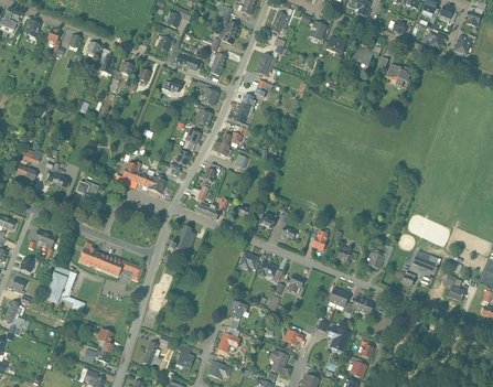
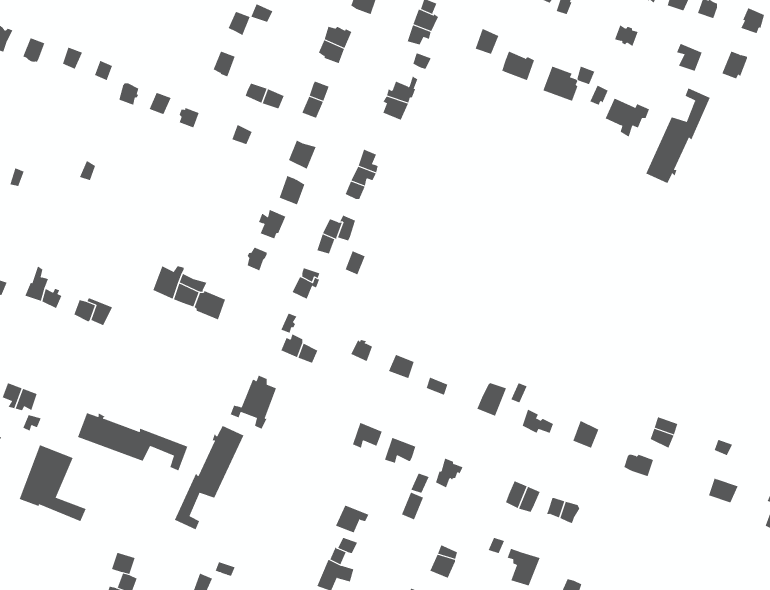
building: none -> [645,88,711,184]
building: none -> [174,425,244,530]

